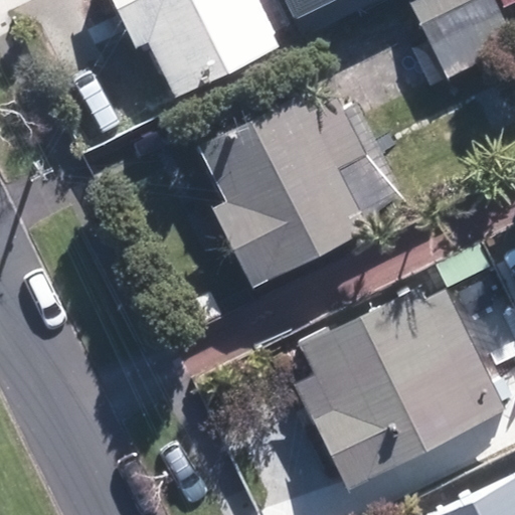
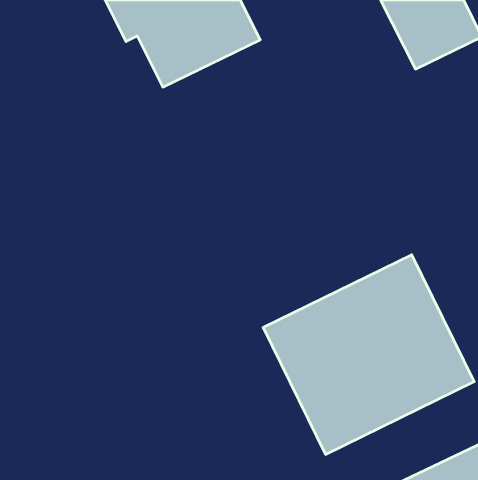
building: [195,98,362,290] -> none

